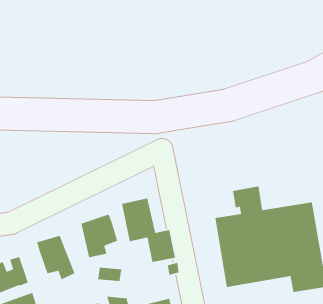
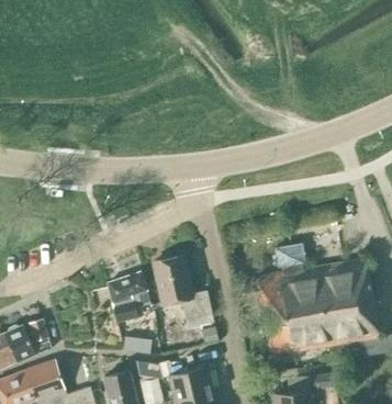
building: [36,235,76,280] -> none

